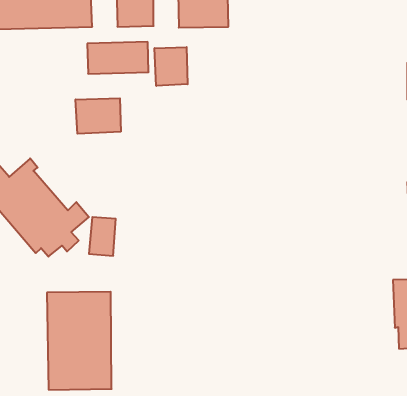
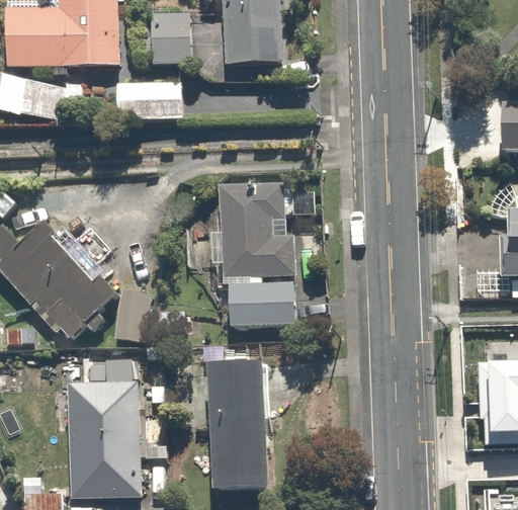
building: [155,47,188,86] -> none
building: [76,98,121,134] -> none
building: none -> [220,182,294,326]
building: none -> [205,360,273,489]

